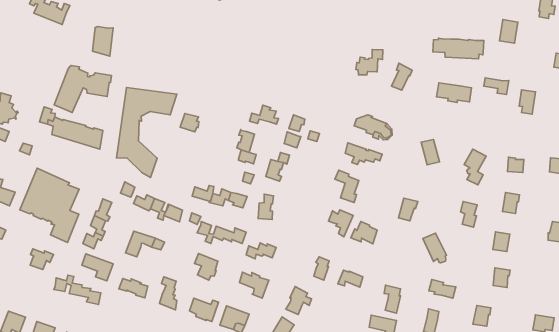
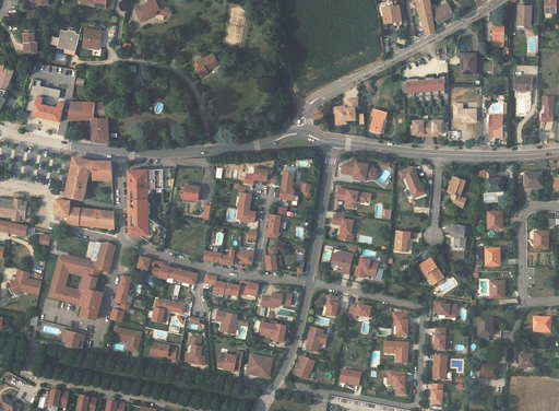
building: none -> [68,102,104,120]
building: none -> [88,243,115,271]
building: [54,275,101,304] -> none

